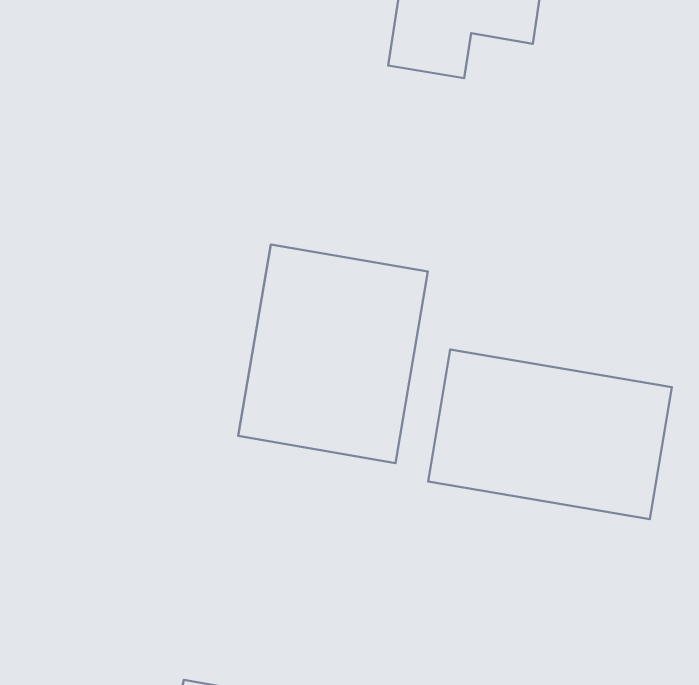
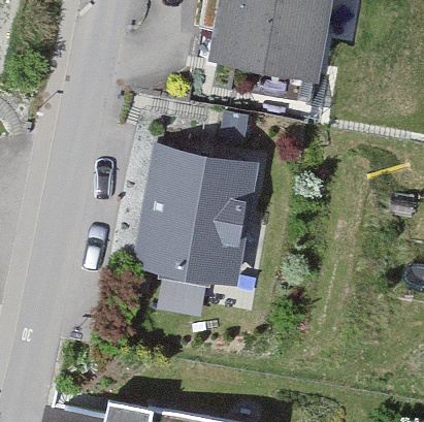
building: [428,349,672,519] -> none

